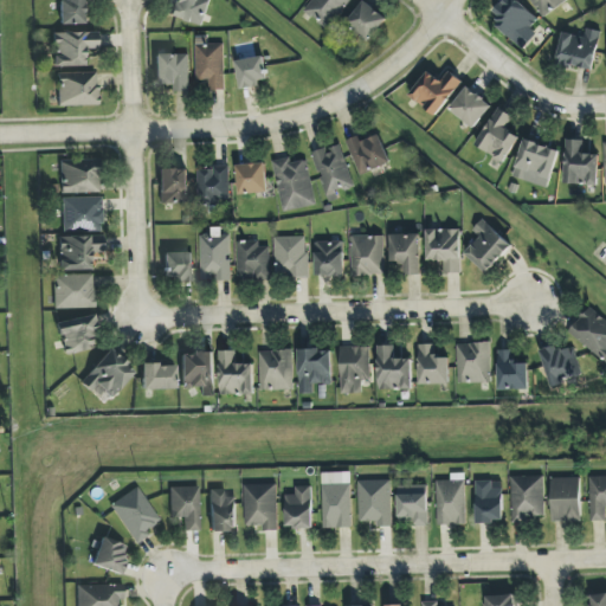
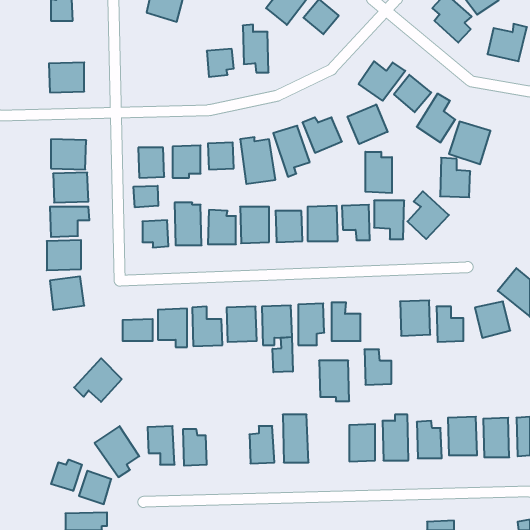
building: [51,31,96,65] -> none
building: [194,34,224,89] -> [243,25,269,72]
building: [154,53,188,90] -> none
building: none -> [348,104,388,144]
building: [563,138,598,183] -> [440,158,470,197]
building: none -> [365,152,392,193]
building: none -> [134,186,158,207]
building: [418,343,449,383] -> [364,349,391,385]
building: [78,348,133,398] -> [74,358,122,402]
building: none -> [273,337,293,372]
building: [357,479,392,526] -> [319,361,349,401]
building: [243,483,277,529] -> none
building: none -> [51,460,82,491]

